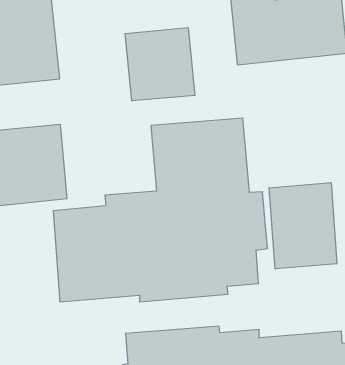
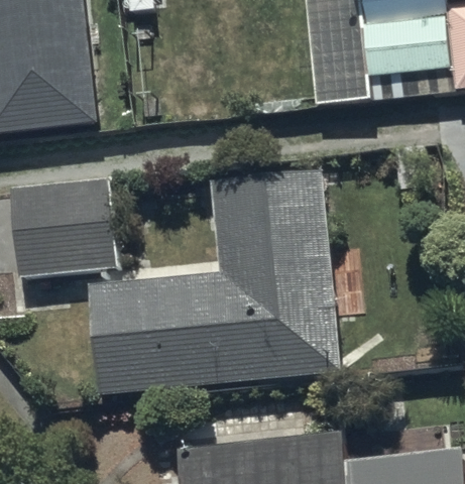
building: [125,28,195,101] -> none
building: [269,183,337,269] -> none

